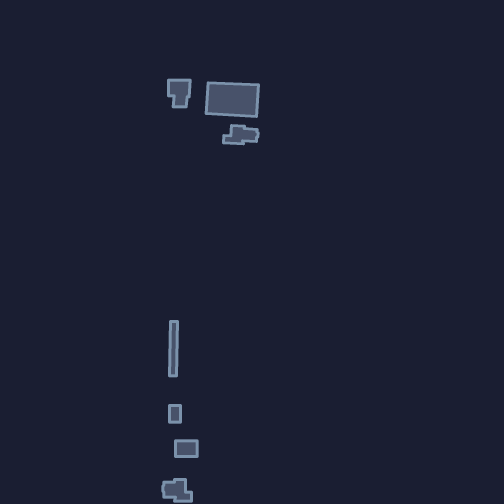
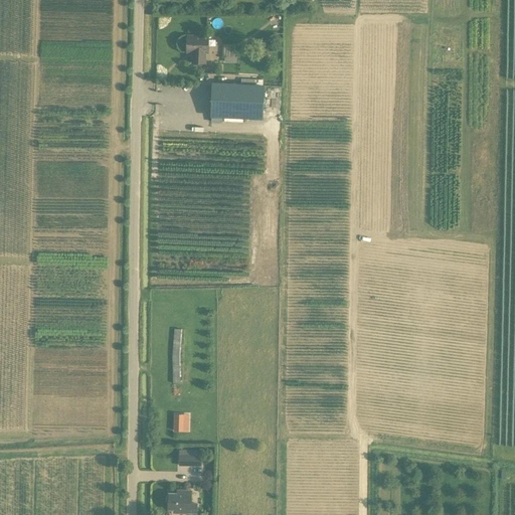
building: [168,80,190,107] -> [186,36,208,63]
building: [224,125,258,144] -> none

